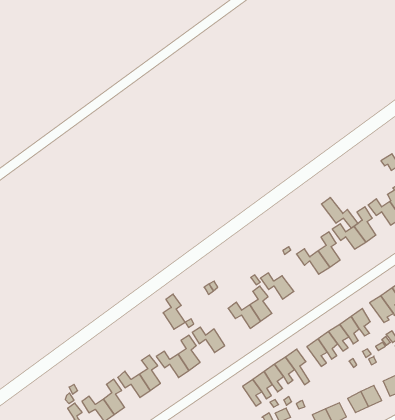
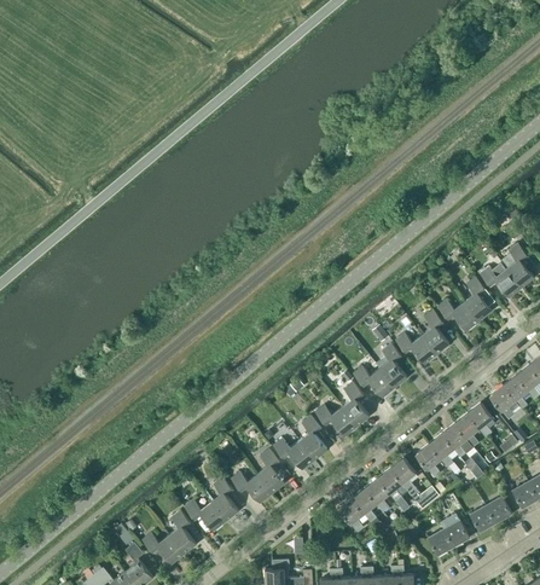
building: [321,197,358,228] -> none
building: none -> [374,343,406,387]
building: [163,294,185,329] -> [298,416,326,459]

